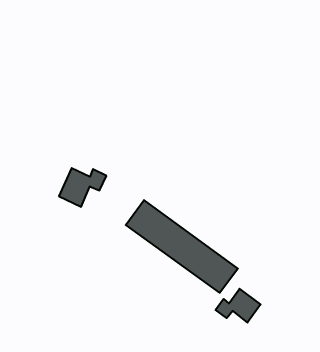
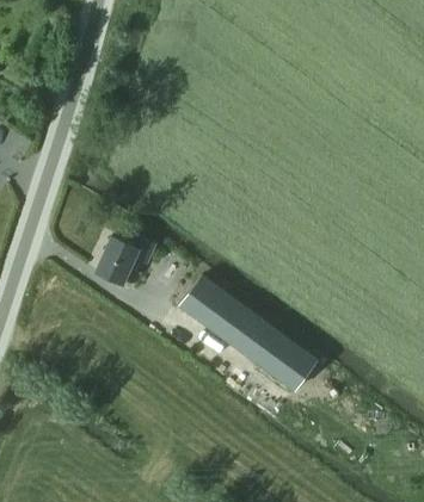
building: [216,289,261,323] -> none

